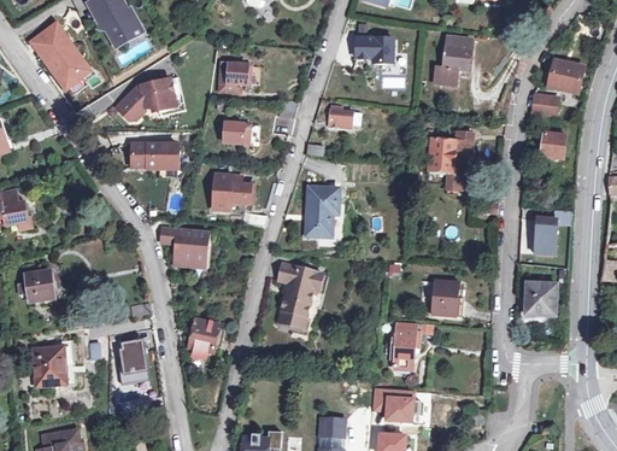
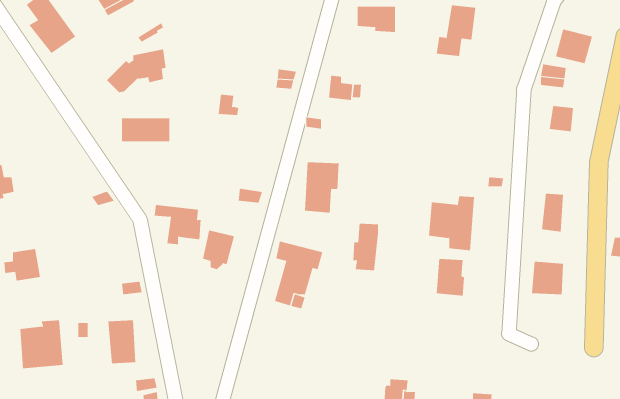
building: [219,60,252,92] -> none
building: [428,131,472,184] -> [428,196,475,251]
building: [213,175,251,211] -> none
building: [189,318,221,357] -> [202,230,235,270]
building: [390,322,416,368] -> [352,223,379,271]

